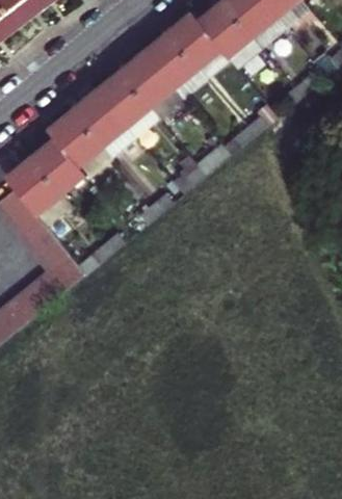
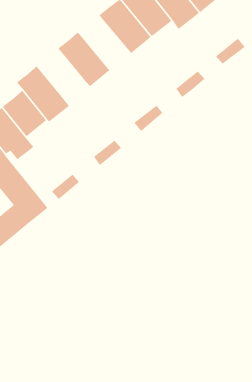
building: [120,48,183,114] -> none
building: [72,86,125,141] -> none

